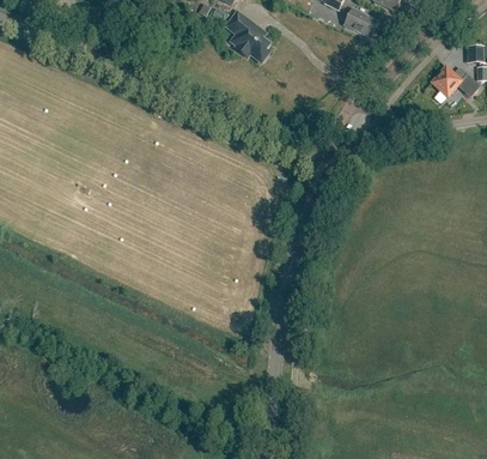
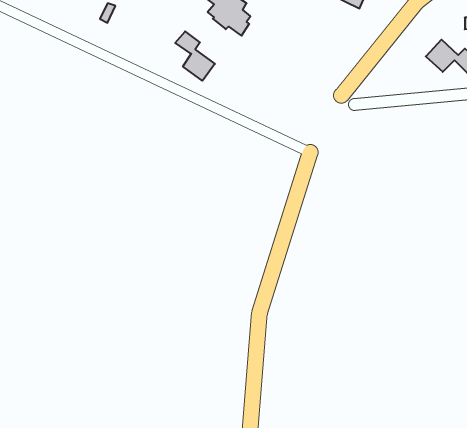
building: none -> [175,31,215,81]

